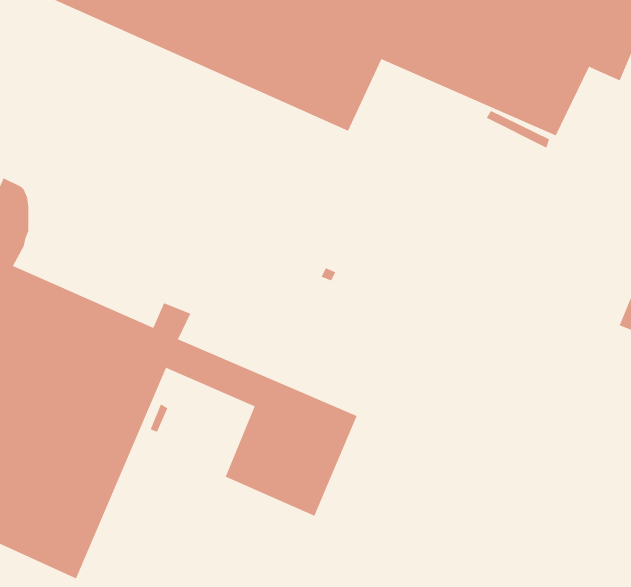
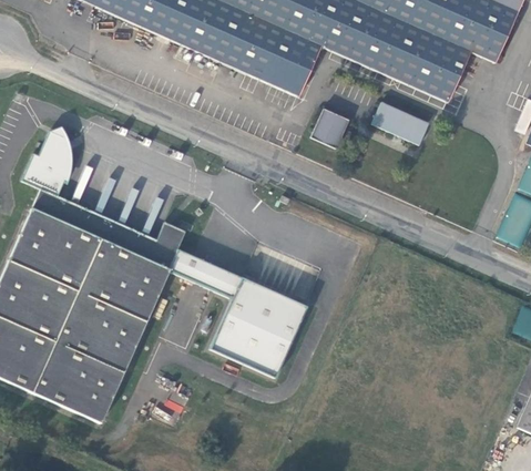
building: none -> [375,104,433,149]
building: none -> [313,111,348,150]

